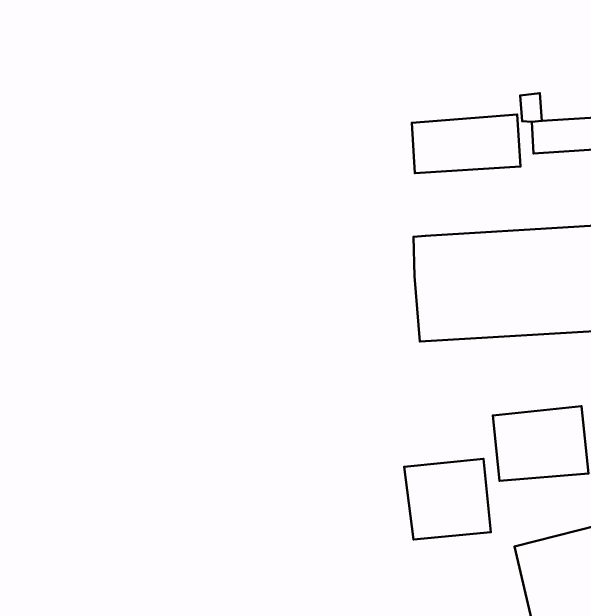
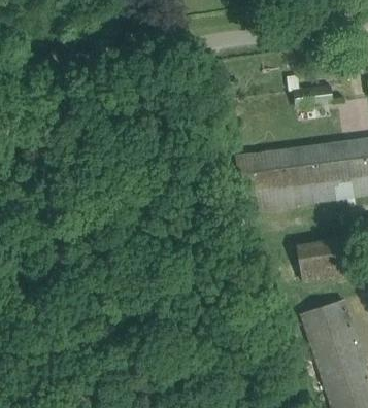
building: [412,115,520,173] -> none
building: [404,459,491,540] -> none

